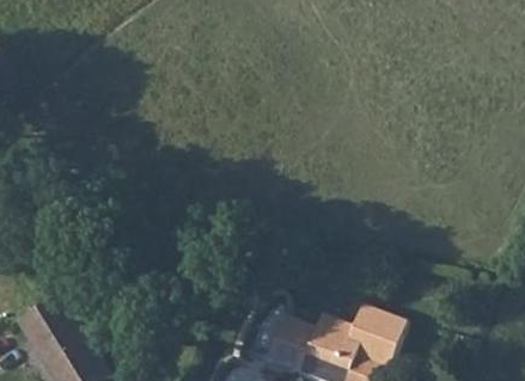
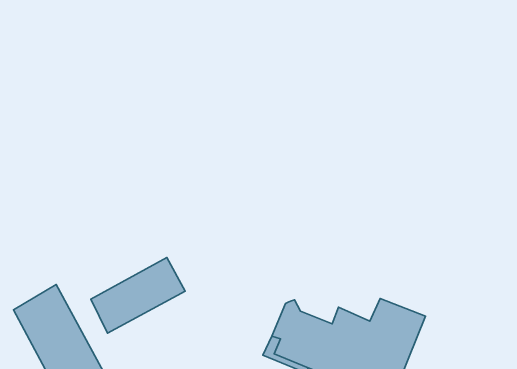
building: none -> [91,258,185,333]

